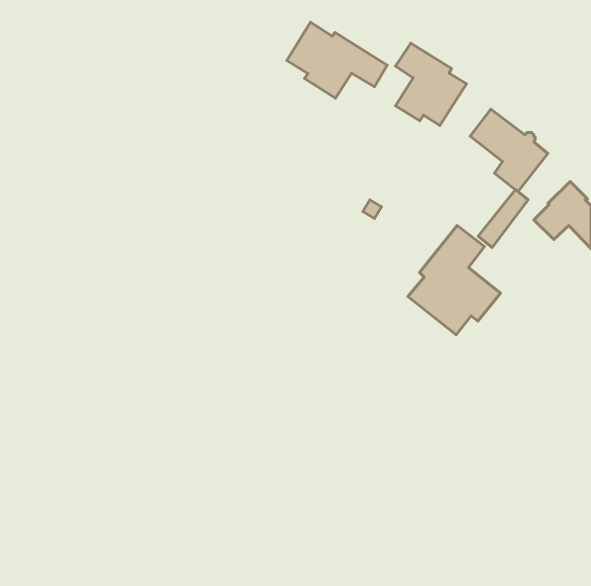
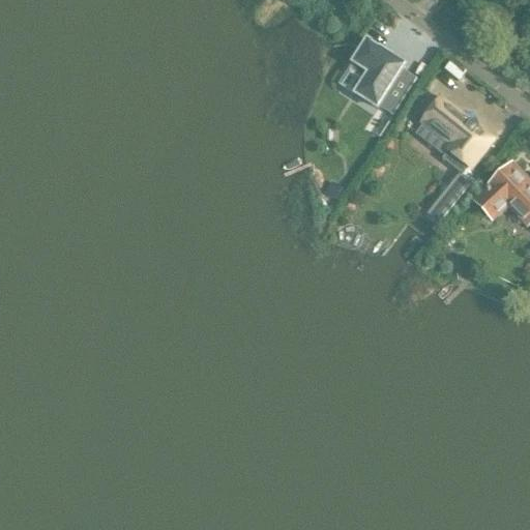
building: [287,22,387,98] -> none
building: [408,226,500,335] -> none

